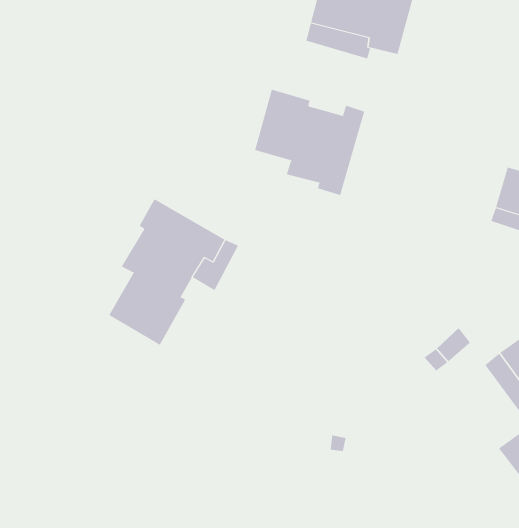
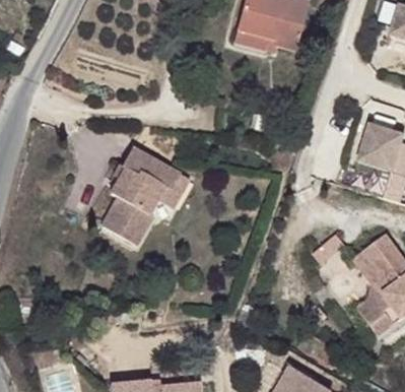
building: [255,89,365,196] -> none

